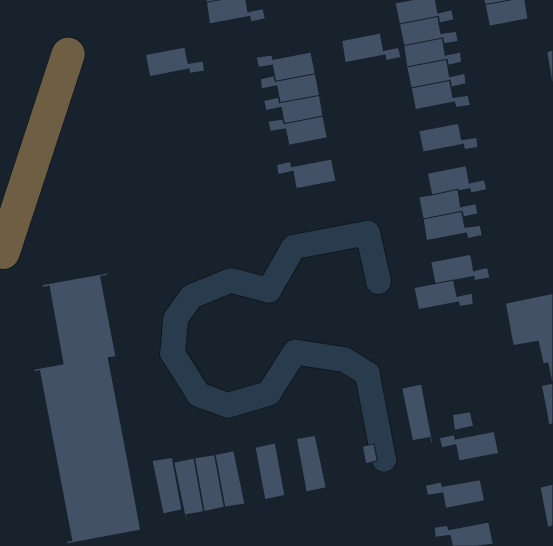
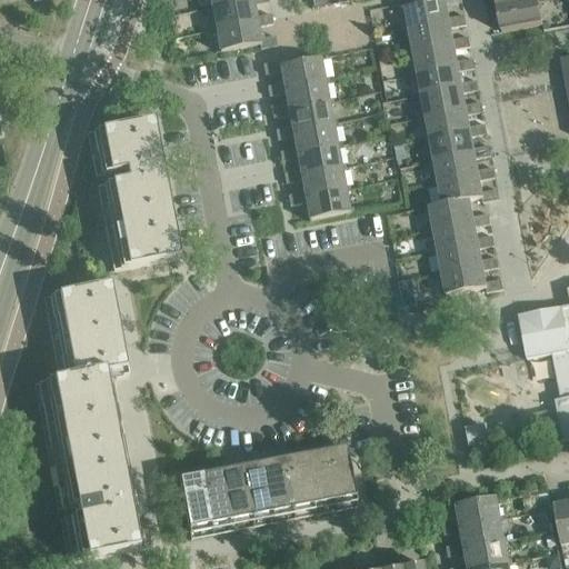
building: [341,33,401,63] -> [426,104,487,134]
building: [145,47,205,76] -> [214,17,276,47]
building: none -> [87,116,179,266]
building: none -> [279,141,340,171]
building: none -> [433,148,495,178]
building: none -> [287,186,348,216]
building: [414,280,473,309] -> [437,239,498,269]
building: [401,384,433,443] -> [323,442,356,502]
building: [439,432,499,461] -> [440,513,501,543]
building: none -> [282,450,313,508]
building: [152,457,182,514] -> [240,459,271,517]

